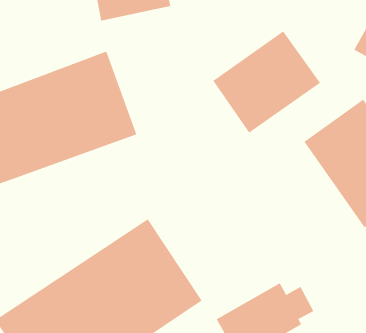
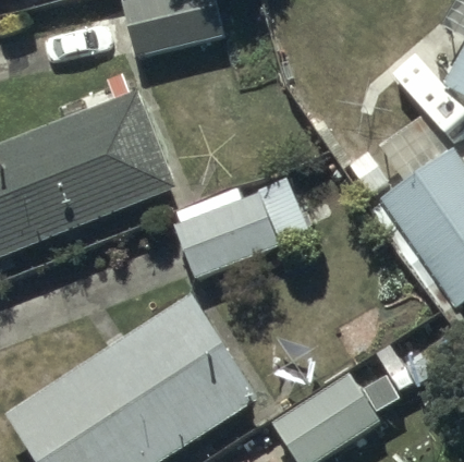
building: [212,31,321,133] -> none
building: none -> [168,184,280,279]

